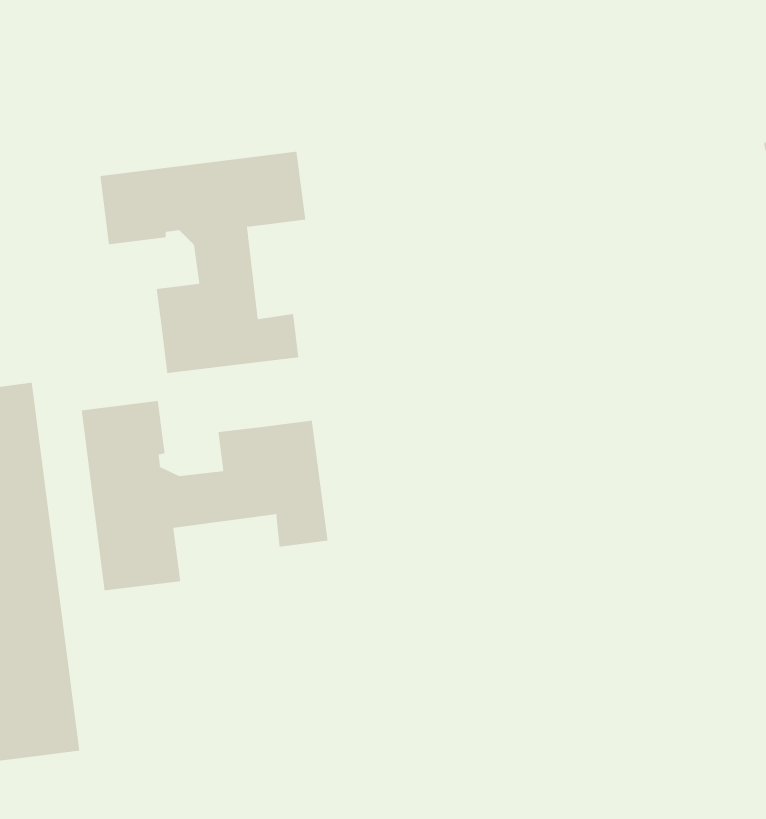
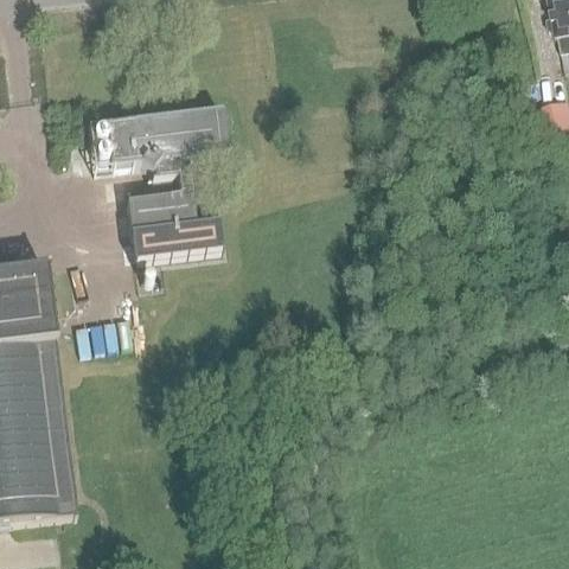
building: [81,400,328,591] -> none

